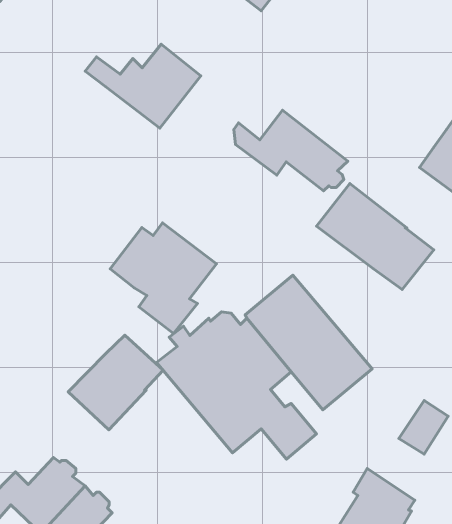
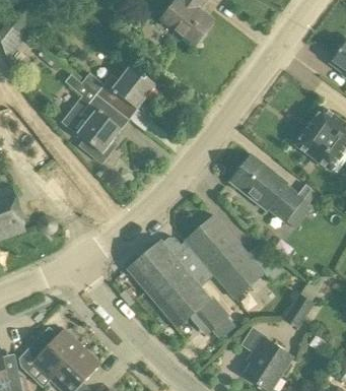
building: [234,110,348,191] -> none
building: [110,223,216,334] -> [61,92,129,164]
building: [68,335,163,430] -> none

